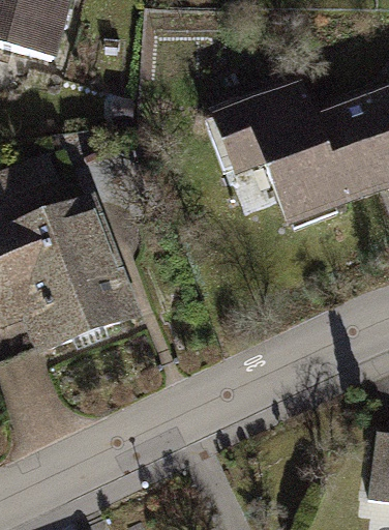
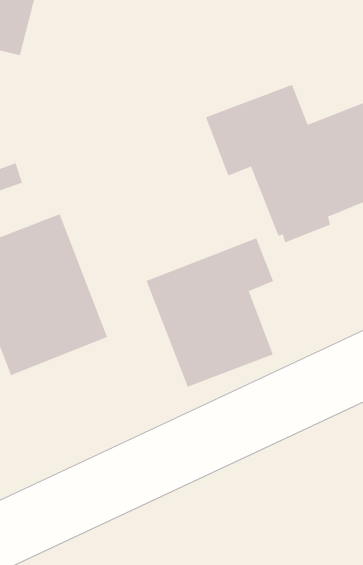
building: none -> [146,237,274,388]

